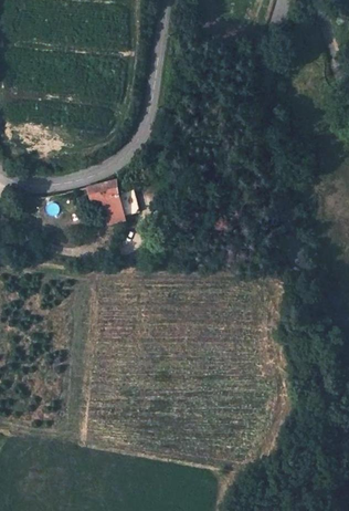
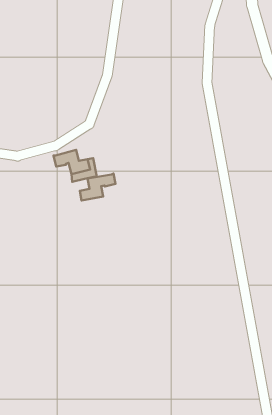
building: none -> [80,174,116,201]

